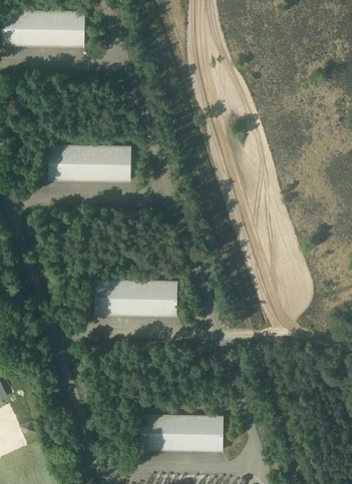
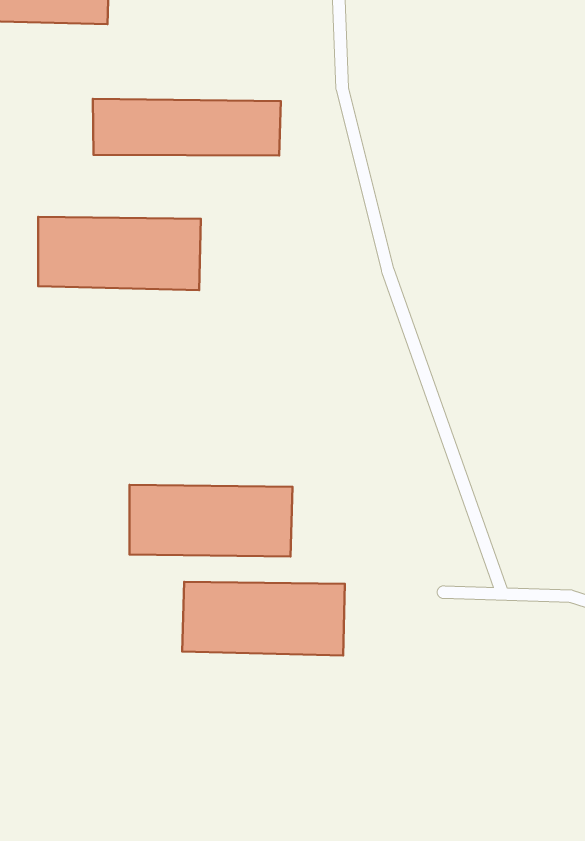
building: none -> [93,99,281,155]
building: [140,414,223,451] -> [182,582,345,655]

